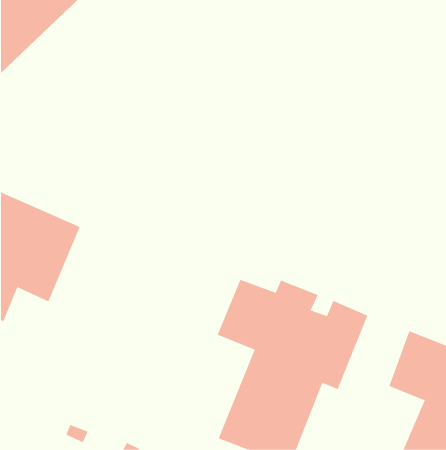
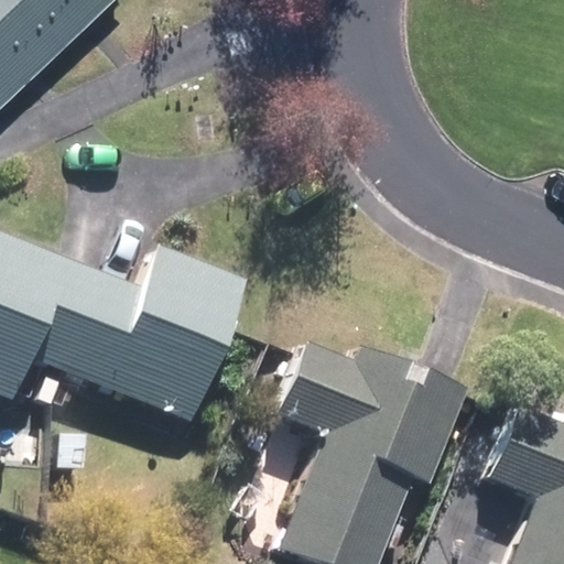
building: none -> [54,245,247,422]

